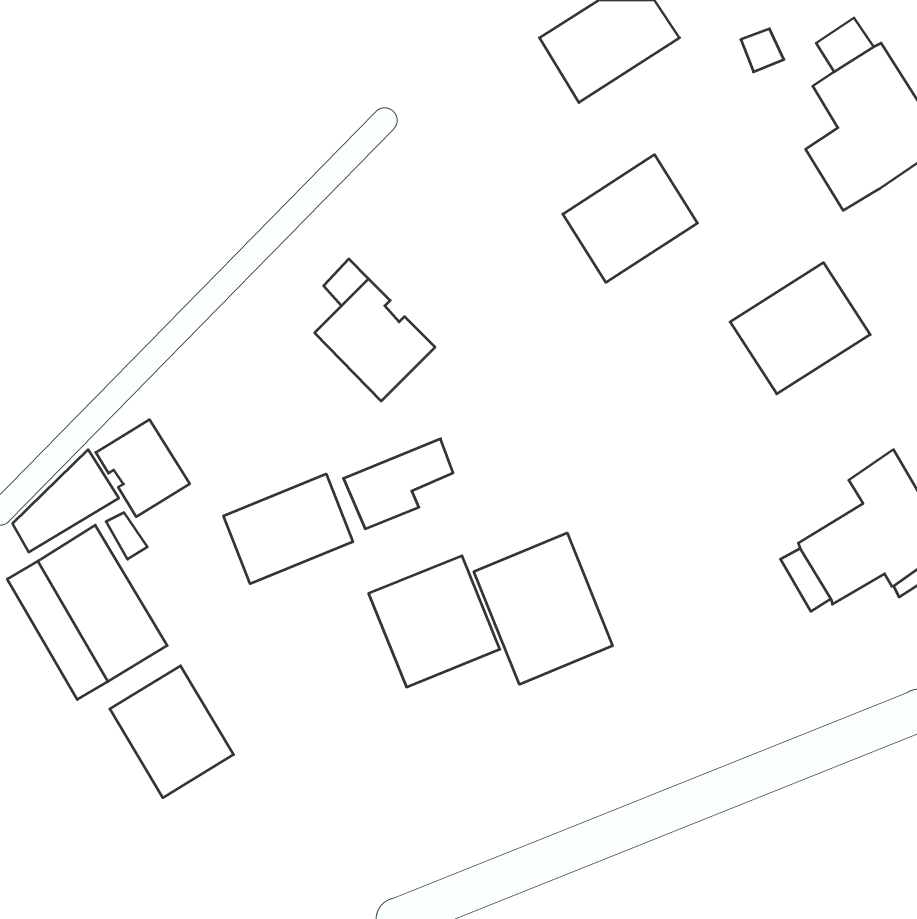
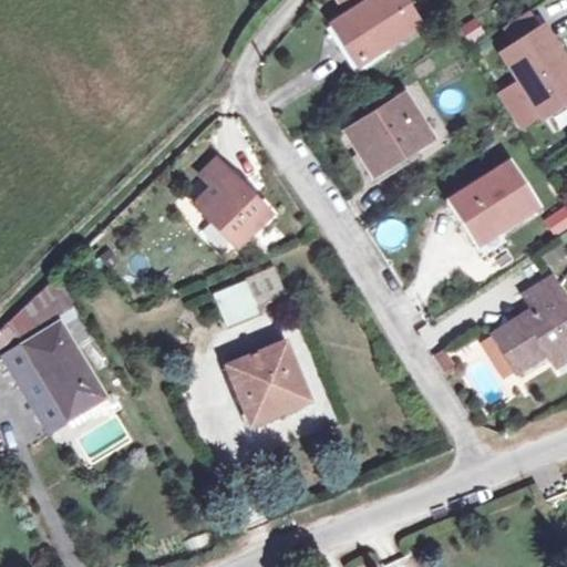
building: [96,420,190,517] -> none
building: [224,474,353,584] -> none
building: [474,533,613,684] -> none
building: [110,666,234,798] -> none

